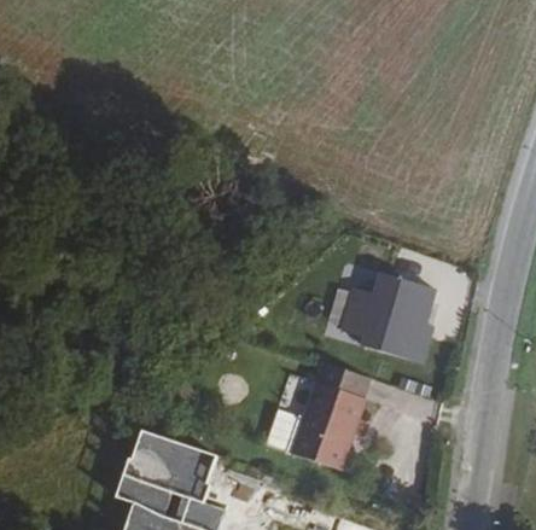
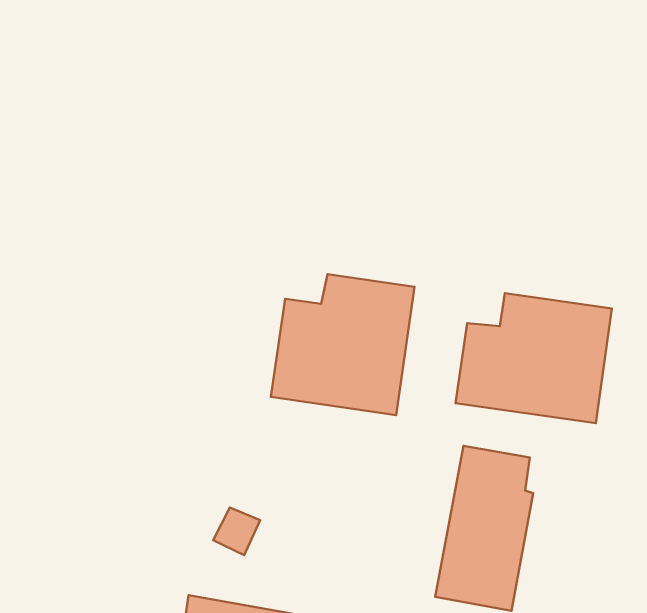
building: none -> [271,274,415,415]

